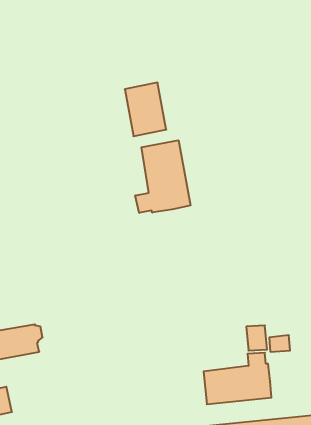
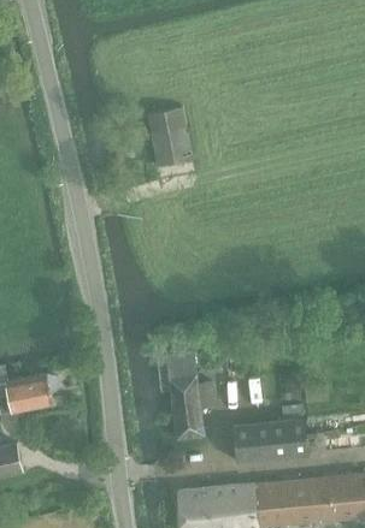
building: [135,140,191,213] -> none
building: none -> [165,352,212,440]

